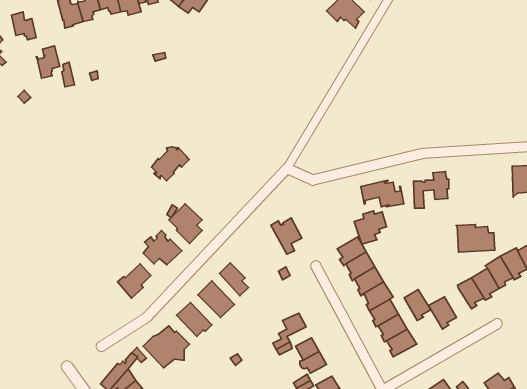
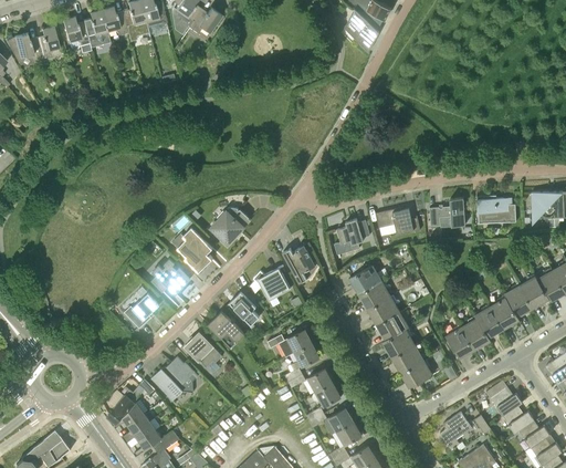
building: [36,46,60,78] -> [35,25,60,59]
building: [152,147,189,181] -> [212,207,251,242]
building: [354,211,386,244] -> [337,218,370,252]
building: [456,224,495,252] -> [476,195,516,223]
building: none -> [254,267,291,299]
building: [404,289,431,320] -> [462,318,490,350]
building: none -> [268,329,312,356]
building: none -> [491,387,523,415]

